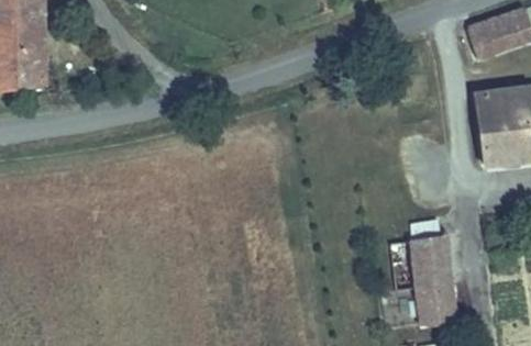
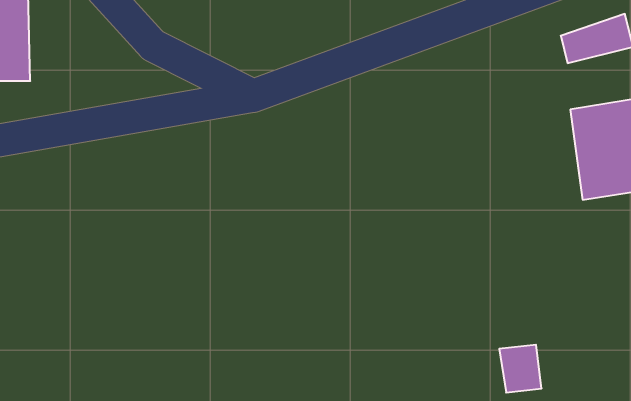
building: [413,245,449,290] -> none

